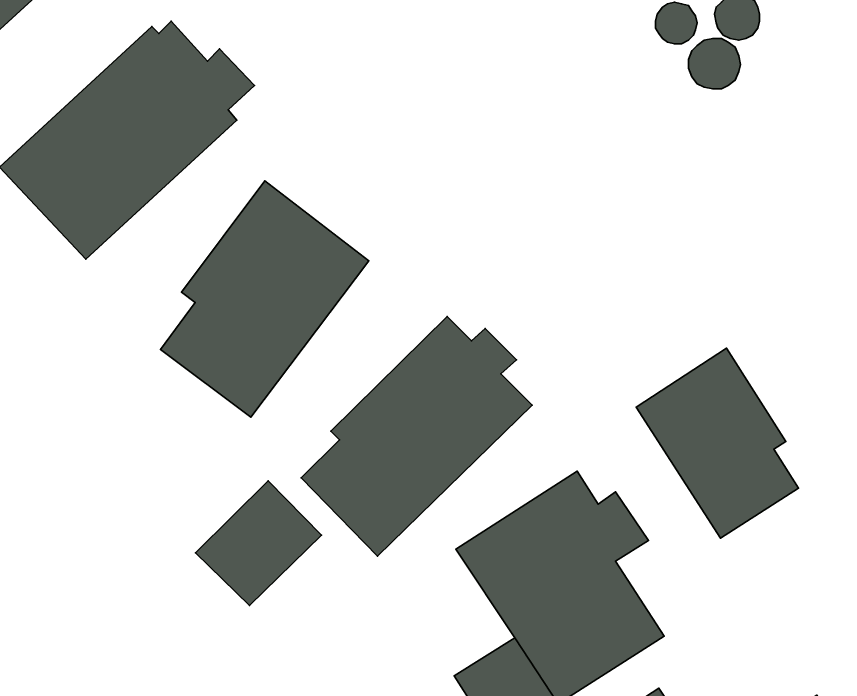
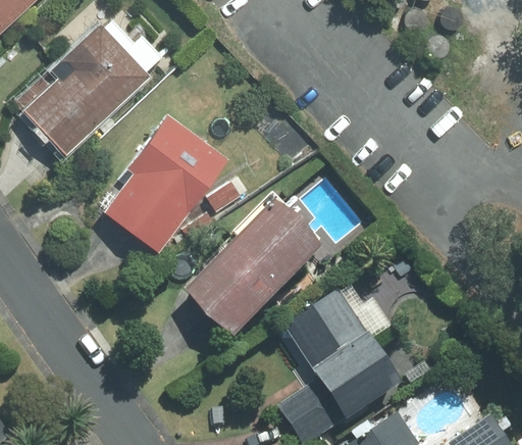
building: [636,348,799,538] -> none
building: [196,481,321,605] -> none

